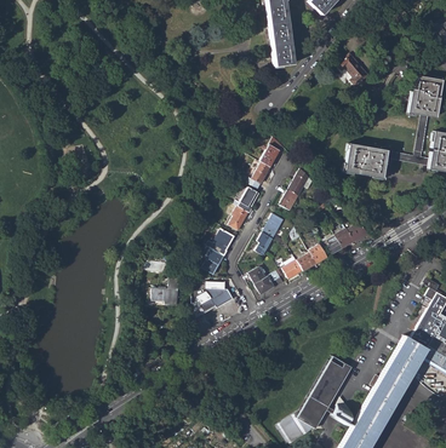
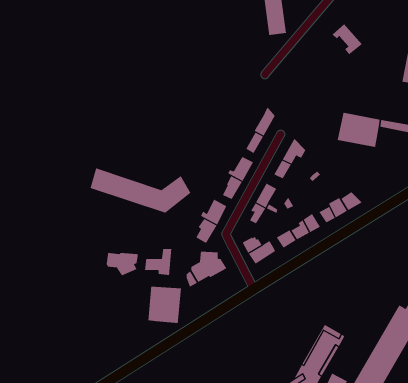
building: none -> [90,168,191,214]
building: none -> [106,252,139,276]
building: none -> [148,286,182,324]

